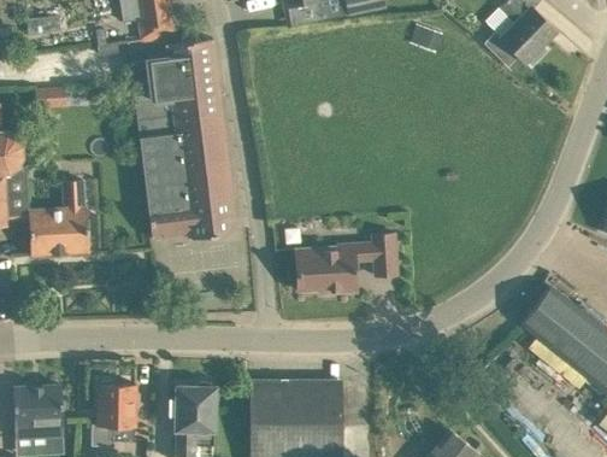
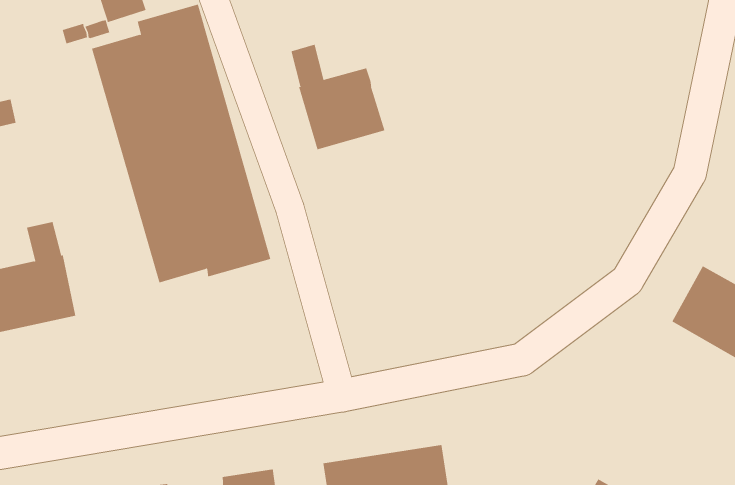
building: none -> [291,44,385,150]
building: [295,229,397,293] -> none

